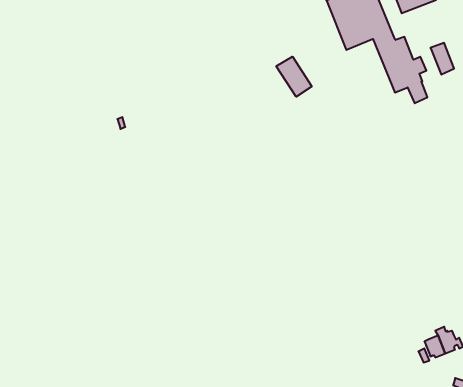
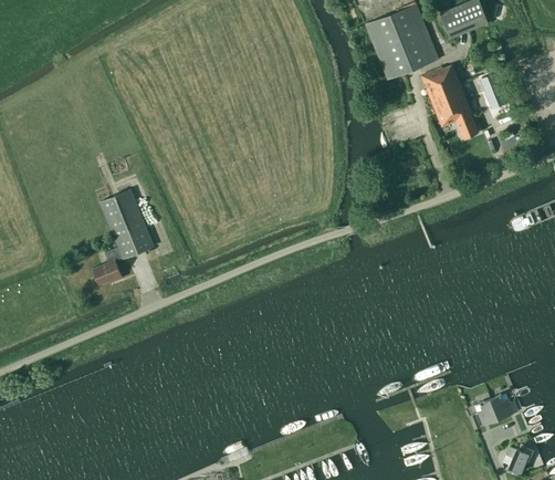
building: [276,57,312,97] -> none
building: none -> [93,191,154,285]

